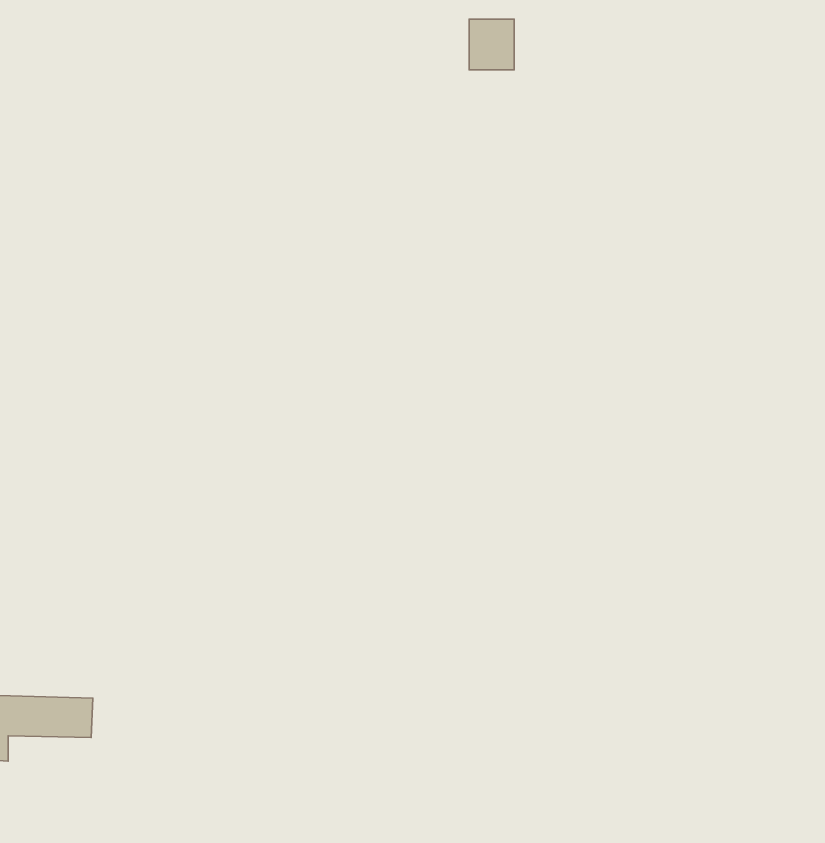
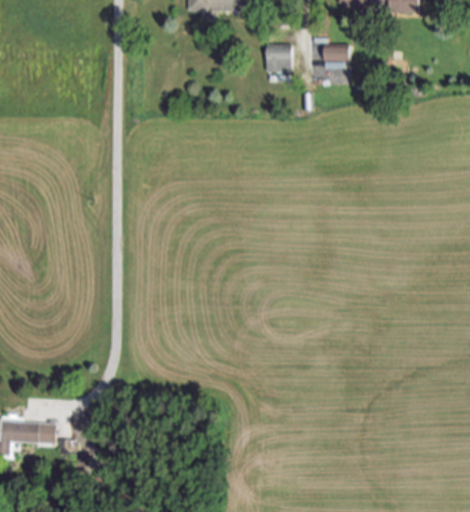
building: none -> [323,45,348,59]

